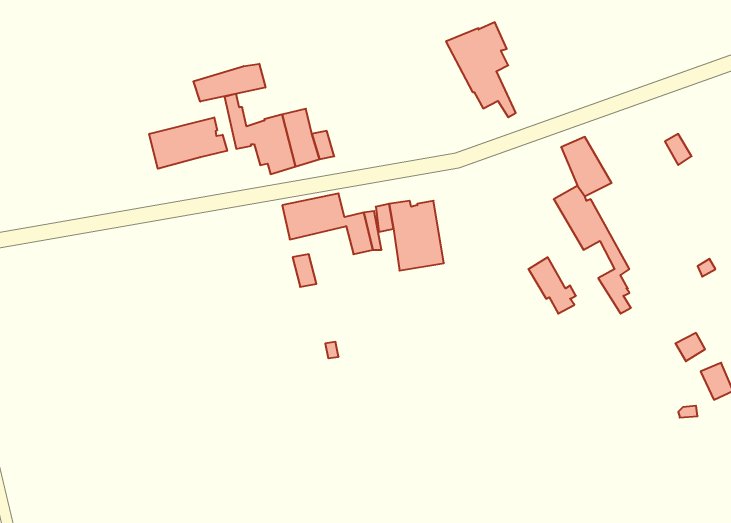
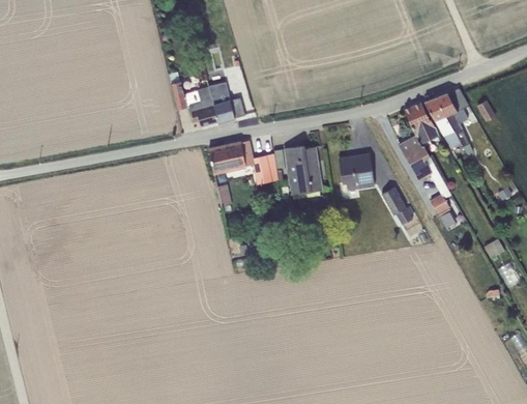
building: [446,22,516,117] -> [424,88,473,154]
building: [193,64,265,102] -> none
building: [149,117,227,169] -> none
building: none -> [339,153,375,191]

